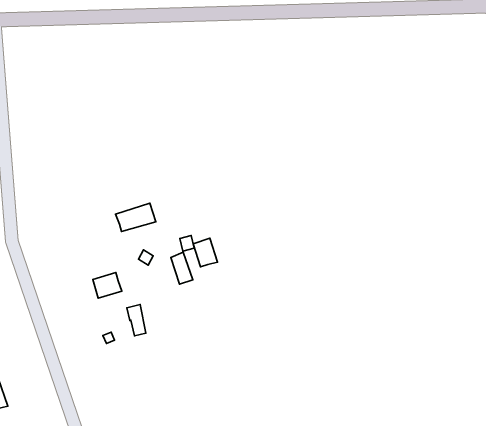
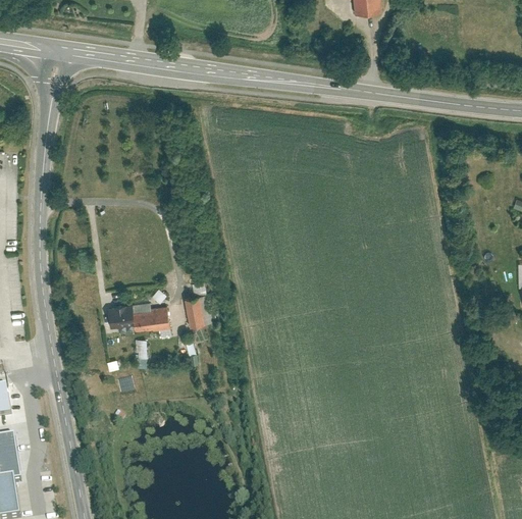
building: [116,203,156,232] -> [133,308,169,330]
building: [193,238,218,267] -> none

